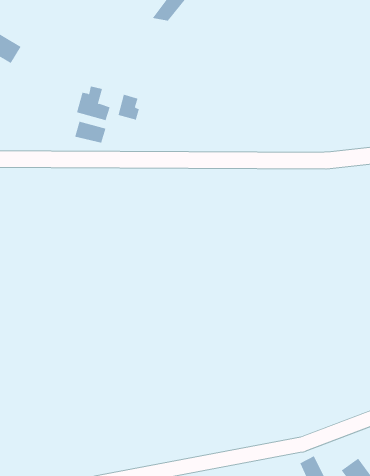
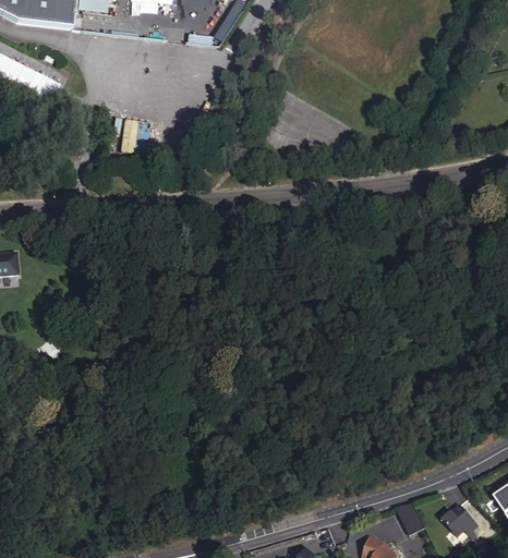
building: [118,94,140,120] -> none
building: [75,121,106,144] -> none

